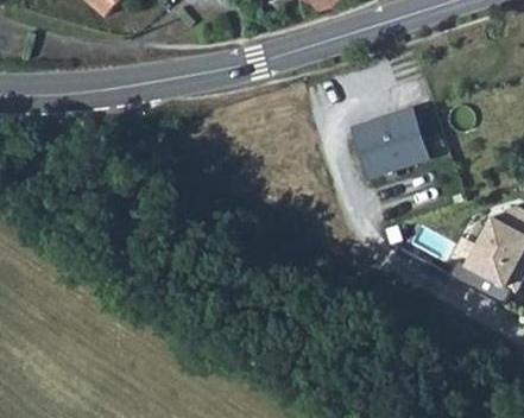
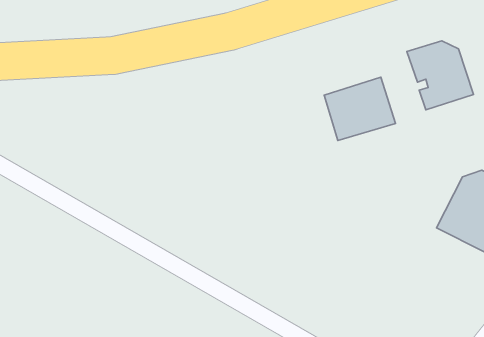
building: none -> [407,41,474,110]

